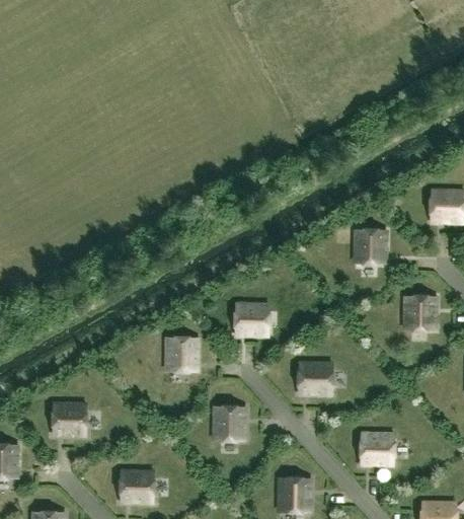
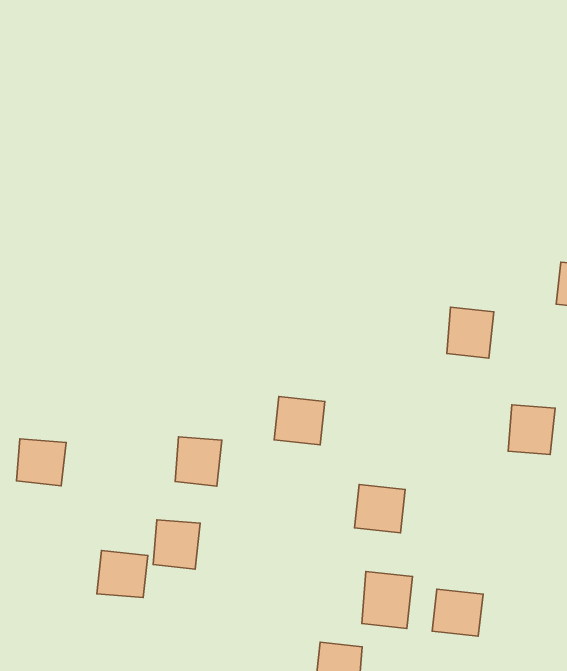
building: [53,402,86,434] -> [17,439,66,486]
building: [214,405,245,439] -> [153,520,200,569]
building: none -> [362,572,412,628]
building: [120,469,154,501] -> [97,551,148,598]

